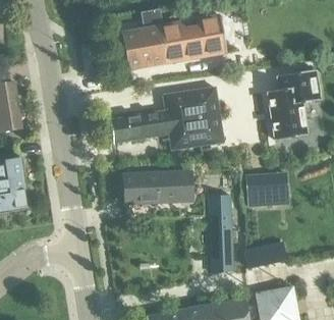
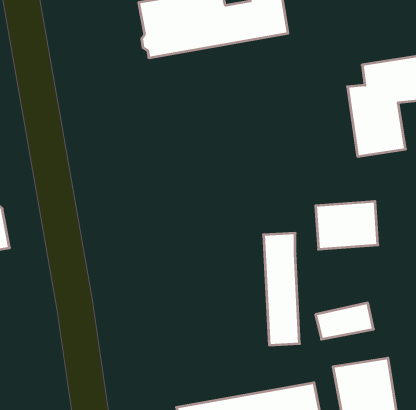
building: [110,87,224,150] -> none
building: [122,171,192,204] -> none

